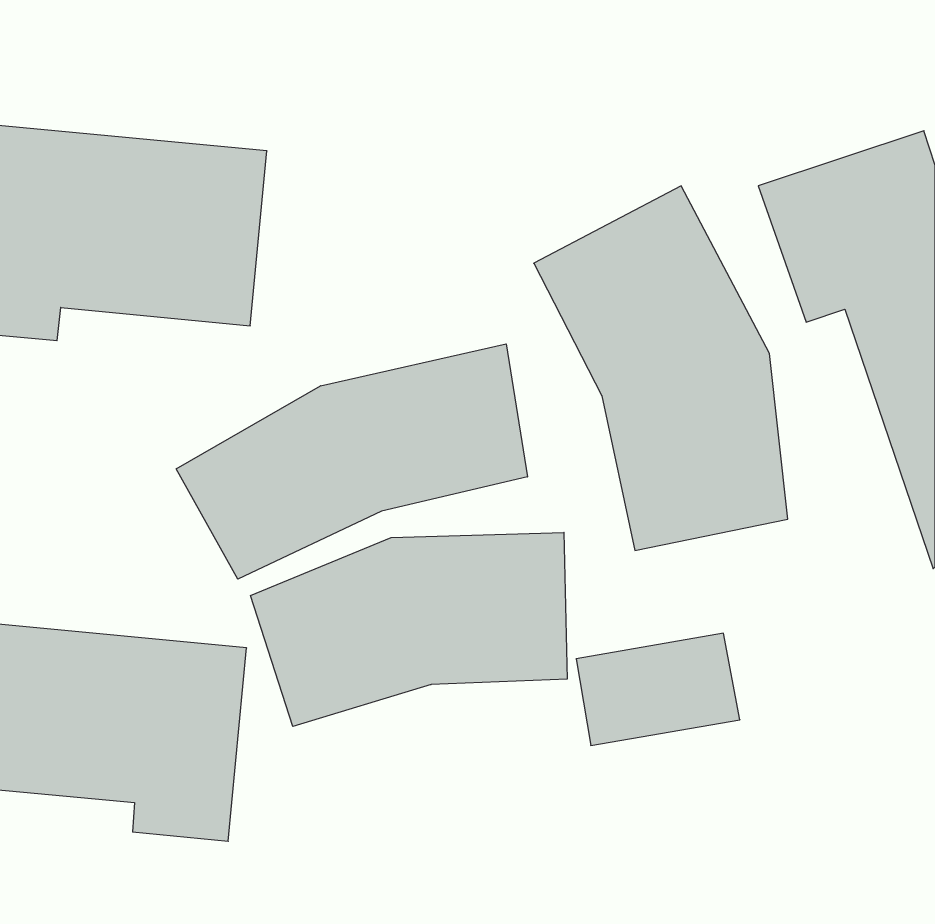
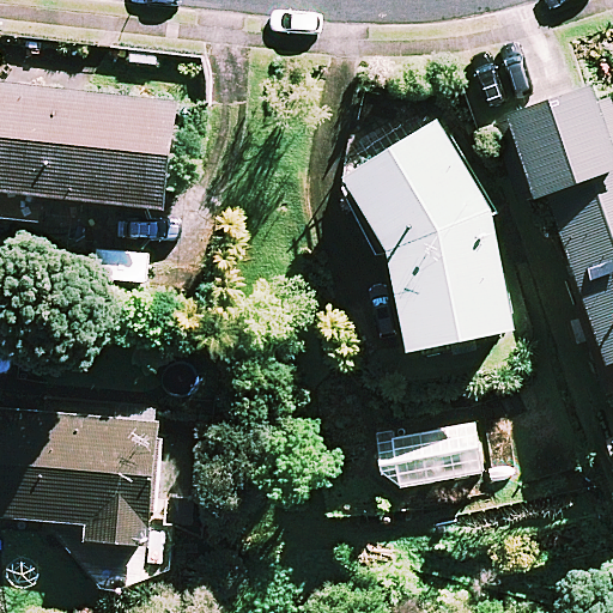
building: [176,344,527,579] -> none
building: [251,532,567,726] -> none

